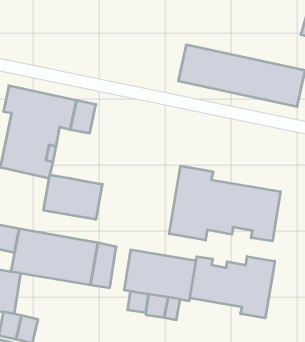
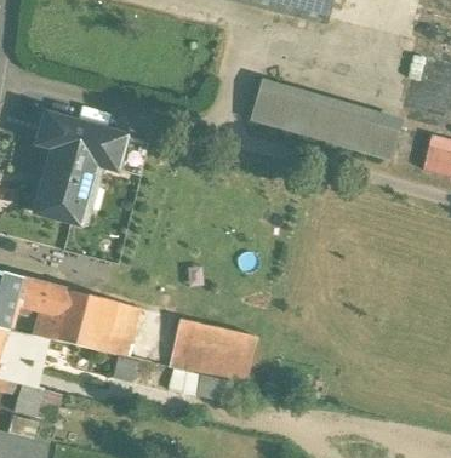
building: [169,166,281,241] -> none
building: [44,175,102,220] -> none
building: [190,256,275,318] -> none

